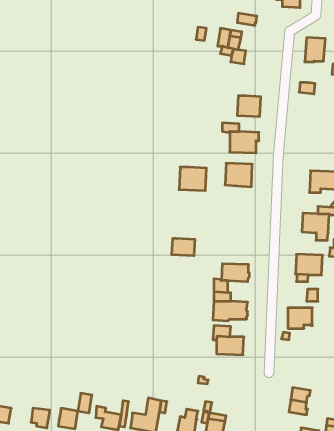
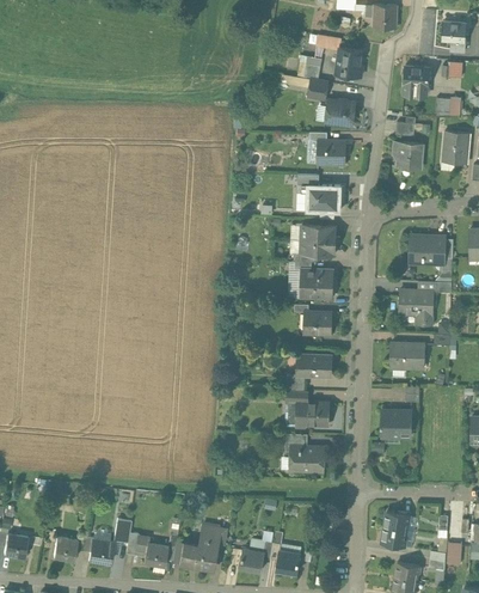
building: none -> [336,47,362,78]
building: none -> [326,99,355,126]
building: none -> [393,142,422,170]
building: [179,167,206,191] -> [300,269,334,299]
building: [172,239,195,256] -> [303,312,333,334]

